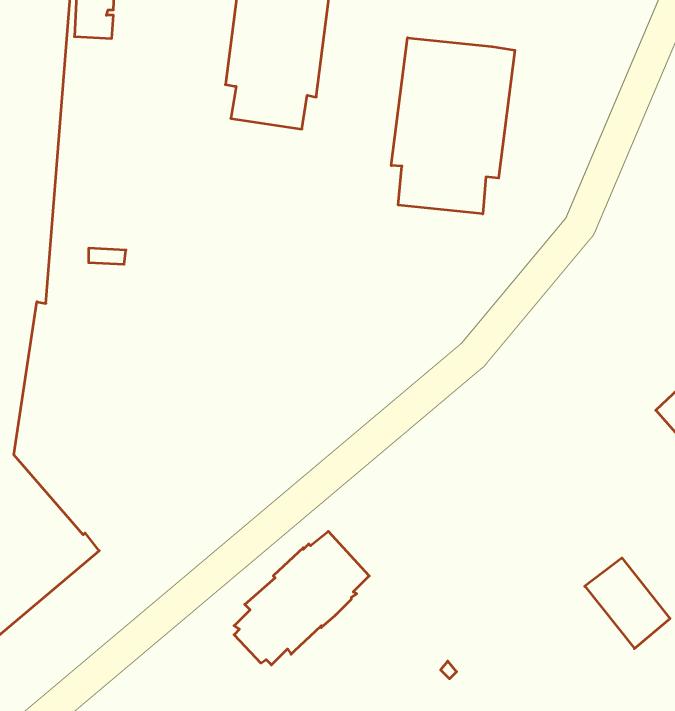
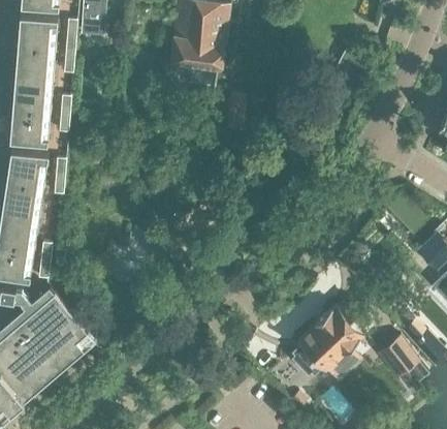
building: [391,38,515,214] -> none
building: [234,531,369,665] -> [290,301,369,378]

